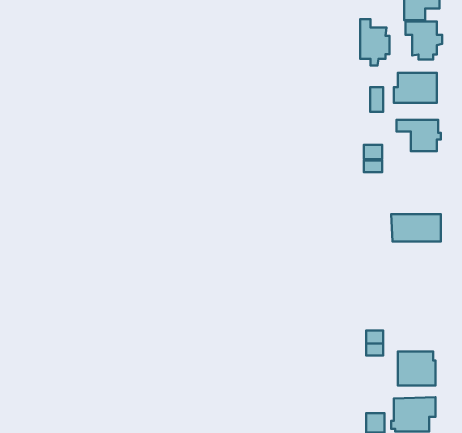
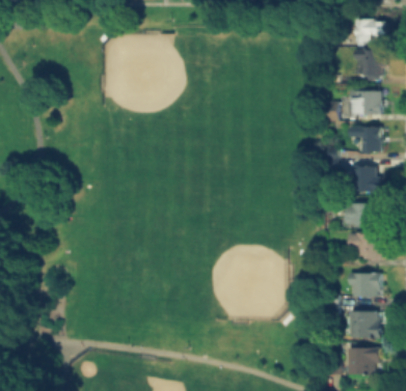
building: [360,19,390,66] -> none
building: none -> [353,164,380,190]
building: none -> [348,231,385,257]
building: none -> [349,272,381,296]

